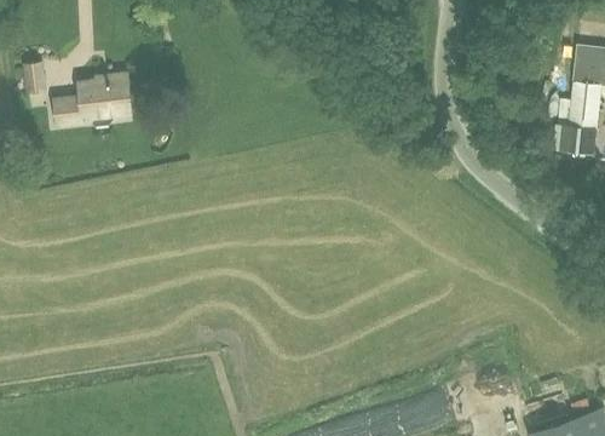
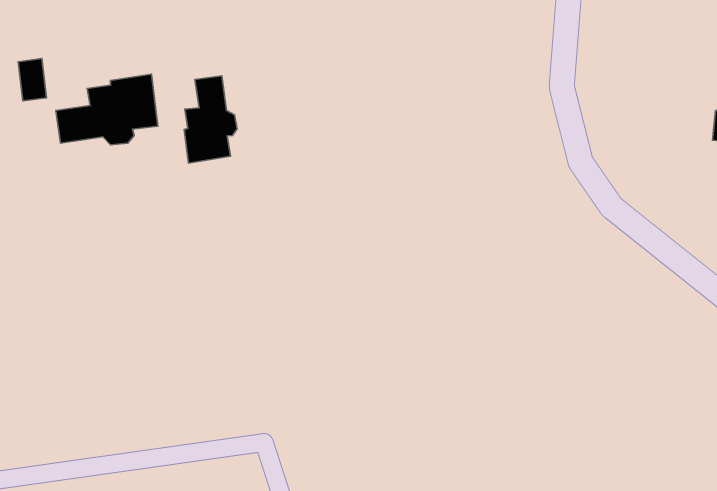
building: none -> [184,76,237,163]

